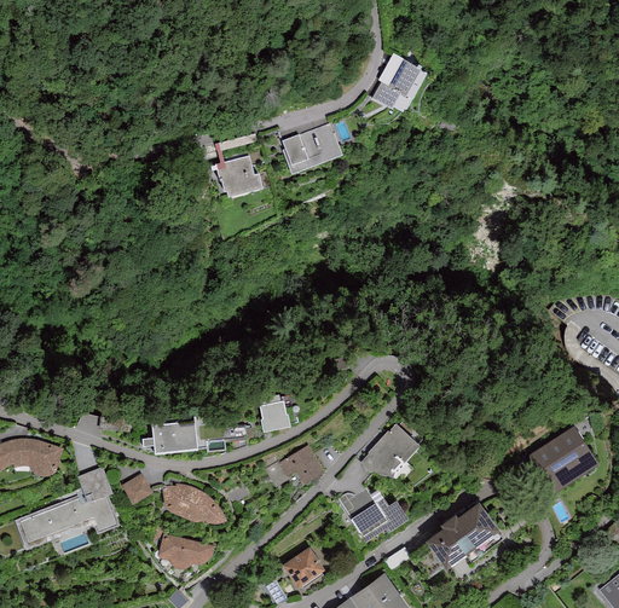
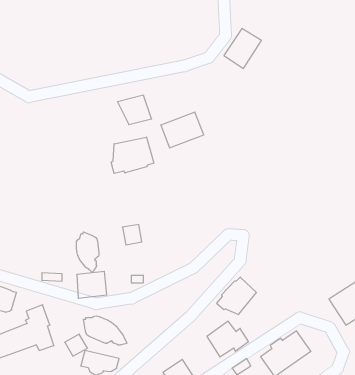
building: [280,123,345,176] -> [161,112,204,148]
building: none -> [111,137,154,173]
building: none -> [76,232,99,272]
building: [259,401,288,432] -> [122,225,142,245]
building: [265,444,324,485] -> none
building: [120,473,154,505] -> [65,334,87,356]

